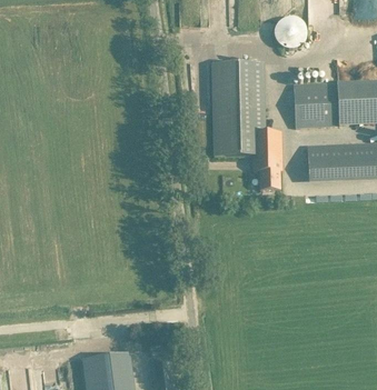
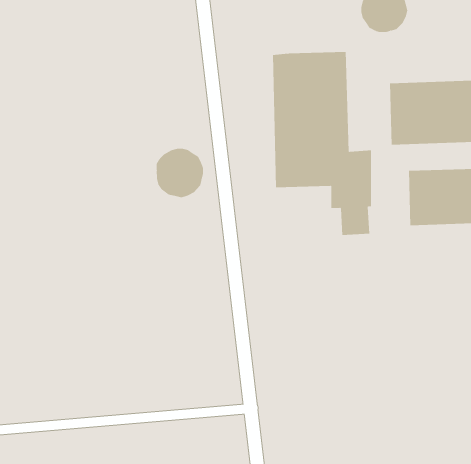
building: none -> [156,148,204,198]

